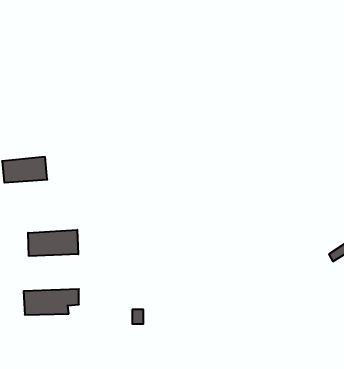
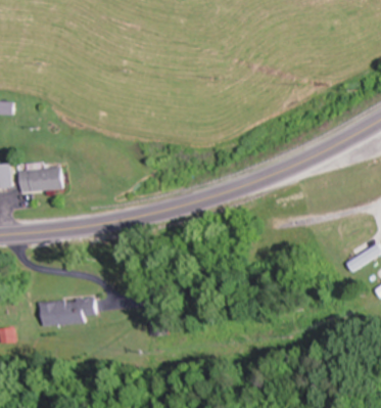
building: [28,230,78,256] -> none

